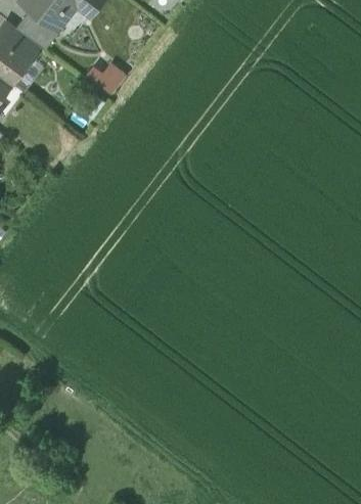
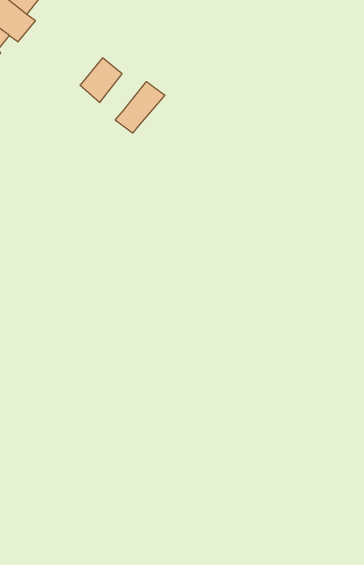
building: none -> [115,82,165,133]

